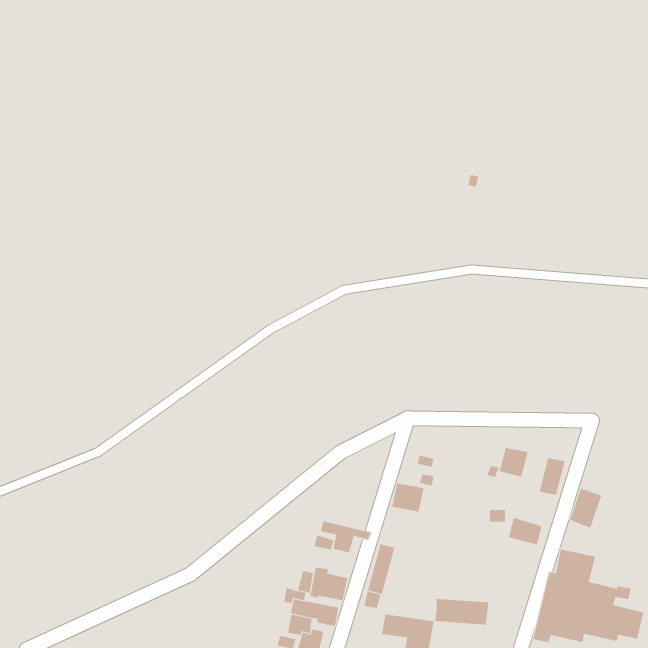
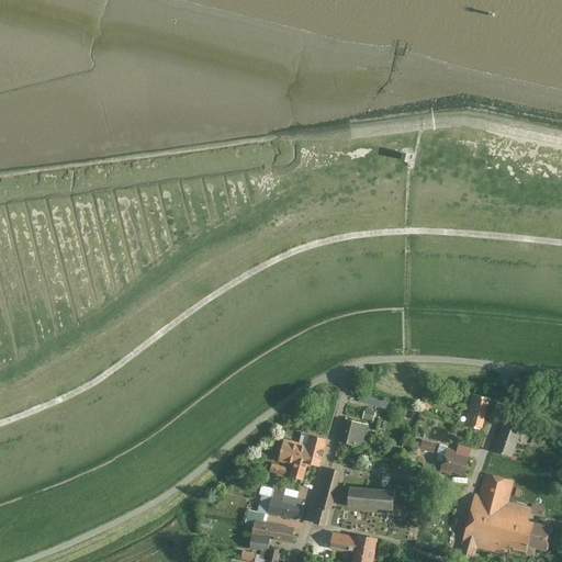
building: [499,447,528,478] -> none
building: none -> [279,432,326,461]
building: [435,598,489,625] -> [347,485,394,508]

